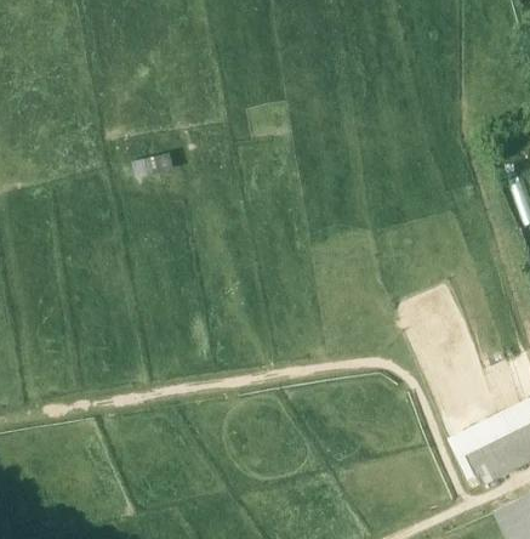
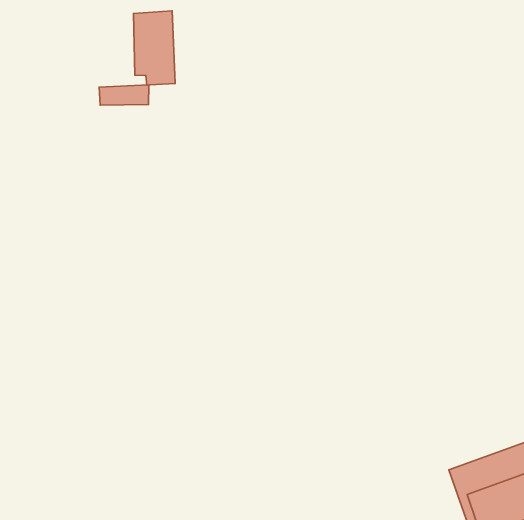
building: none -> [133,11,175,85]

